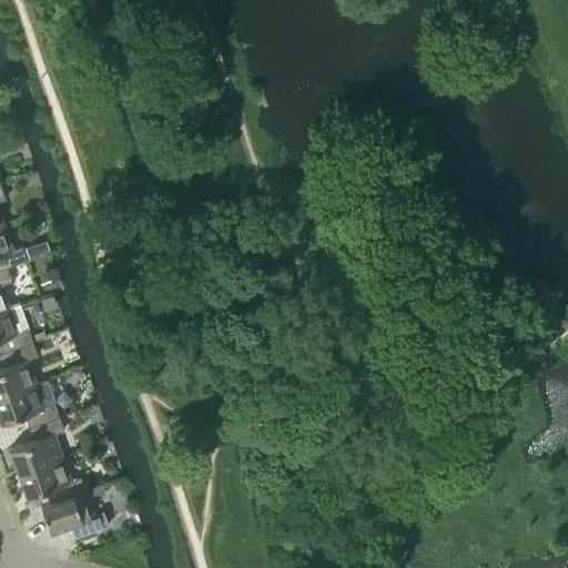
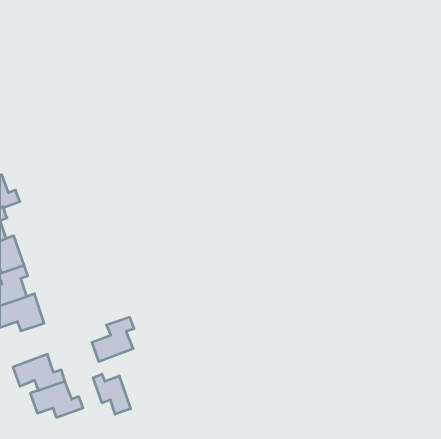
building: [8,418,62,475] -> [92,317,134,361]
building: none -> [93,374,131,414]

